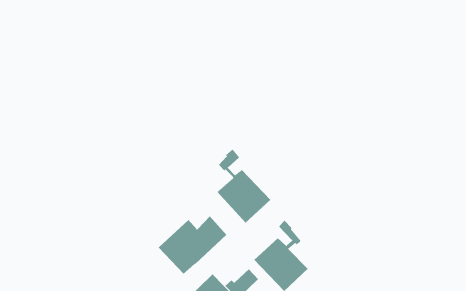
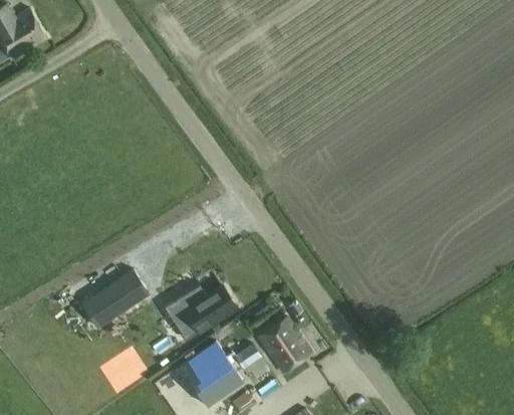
building: [216,148,271,224] -> none
building: none -> [82,269,150,328]

